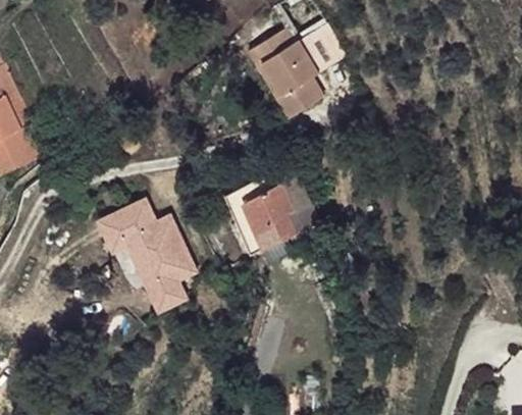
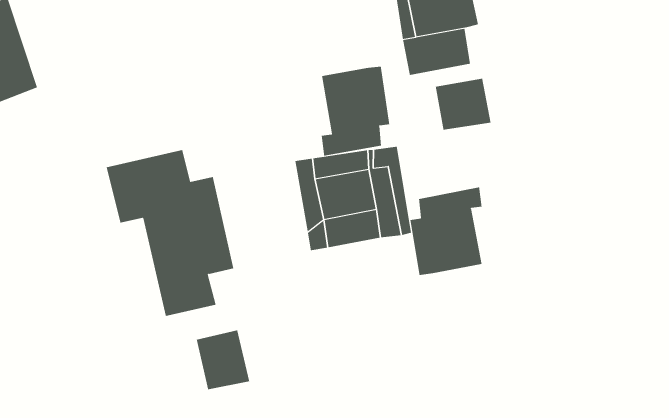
building: none -> [435,78,491,131]
building: none -> [321,66,390,156]
building: none -> [410,187,482,276]
building: none -> [196,330,250,390]

